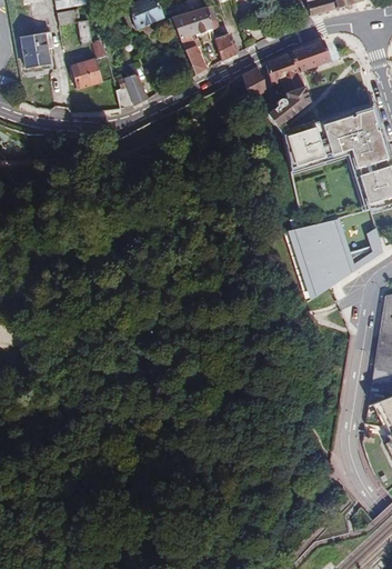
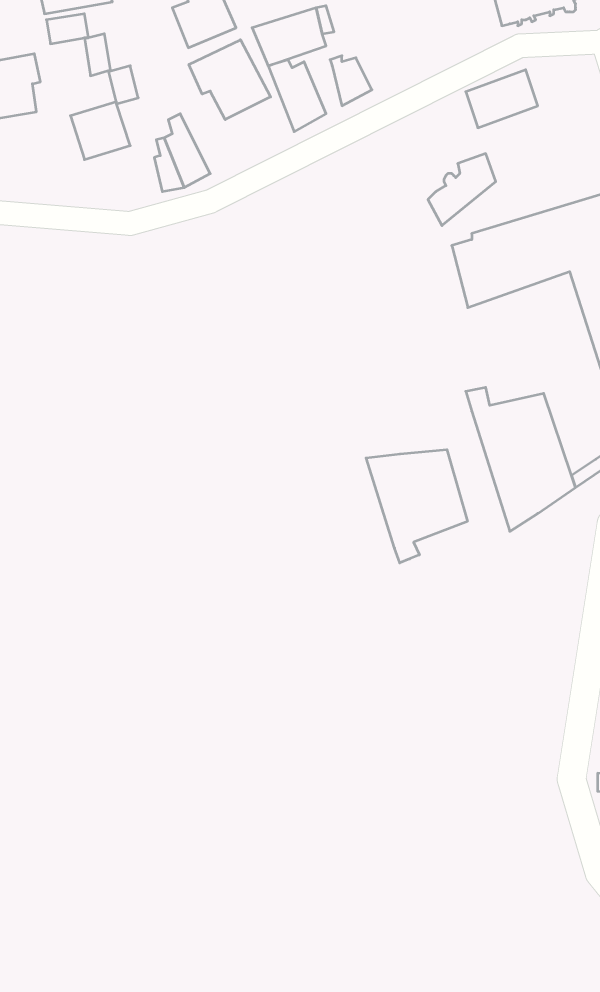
building: none -> [189,40,271,120]
building: [264,52,301,92] -> none
building: [242,67,273,112] -> none
building: none -> [366,450,467,563]

